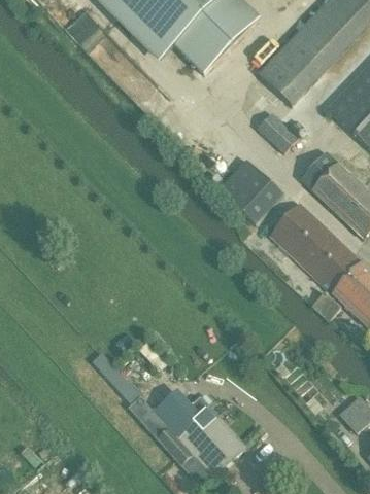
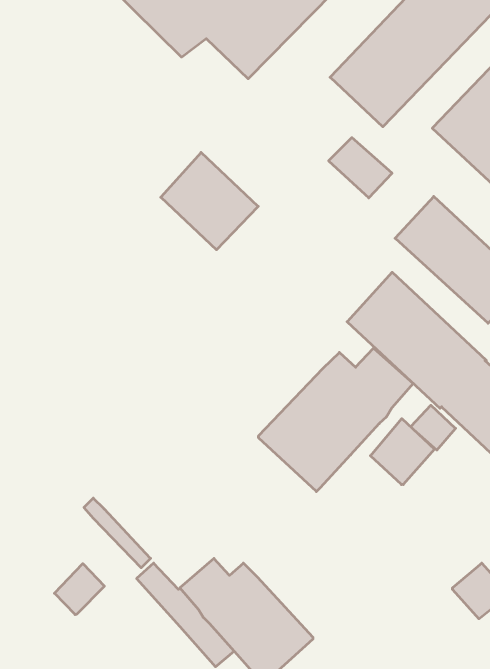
building: [218,158,283,223] -> [161,152,258,250]
building: none -> [259,348,413,492]
building: none -> [370,419,434,485]
building: none -> [54,564,104,615]

